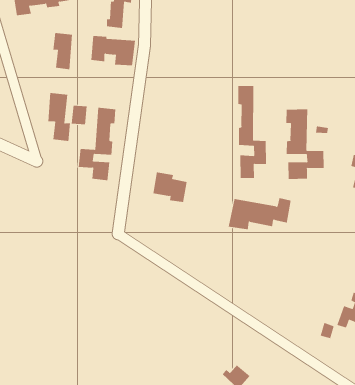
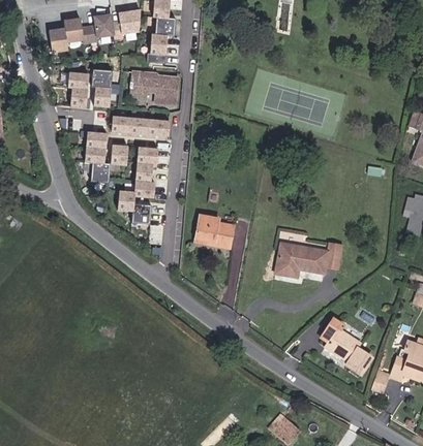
building: none -> [67,71,88,107]
building: none -> [111,116,169,136]
building: [238,85,267,179] -> none
building: [286,109,324,180] -> none
building: none -> [321,318,371,374]

